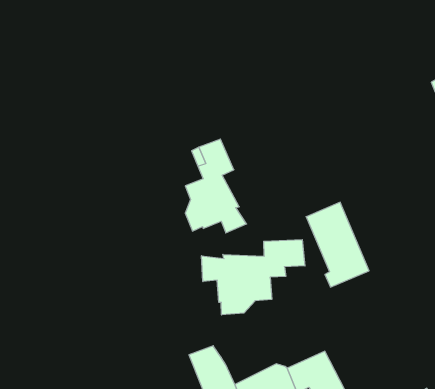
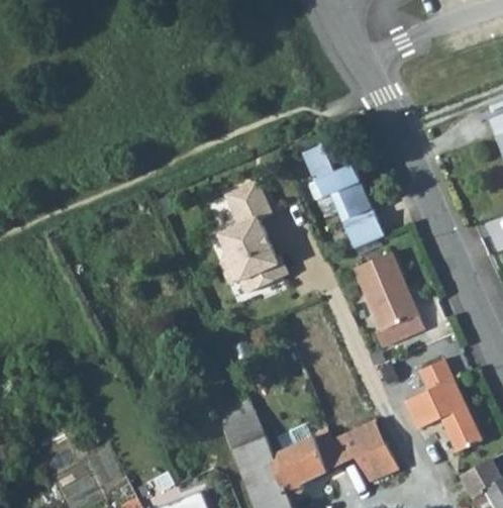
building: none -> [299,145,383,249]
building: [202,240,305,315] -> none
building: none -> [405,360,483,451]

